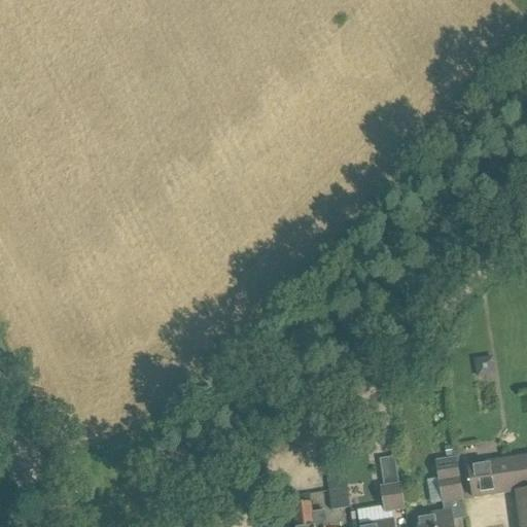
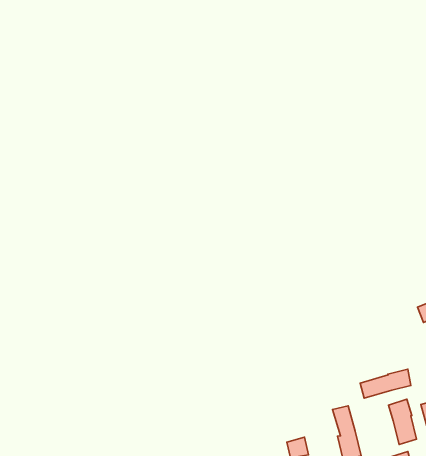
building: none -> [360,369,411,398]

